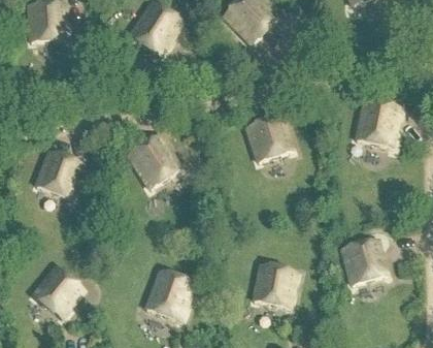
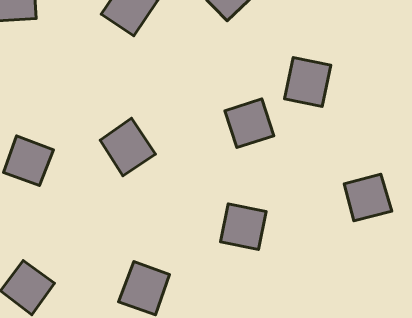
building: [356,99,400,146] -> [284,58,331,106]
building: [341,239,387,283] -> [344,174,392,221]
building: [253,263,296,307] -> [220,204,266,249]

